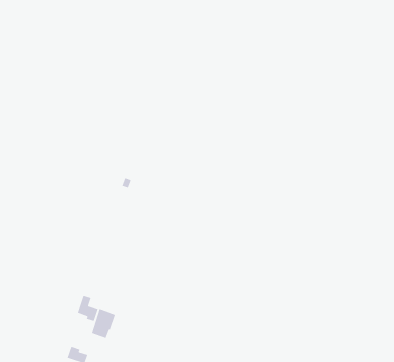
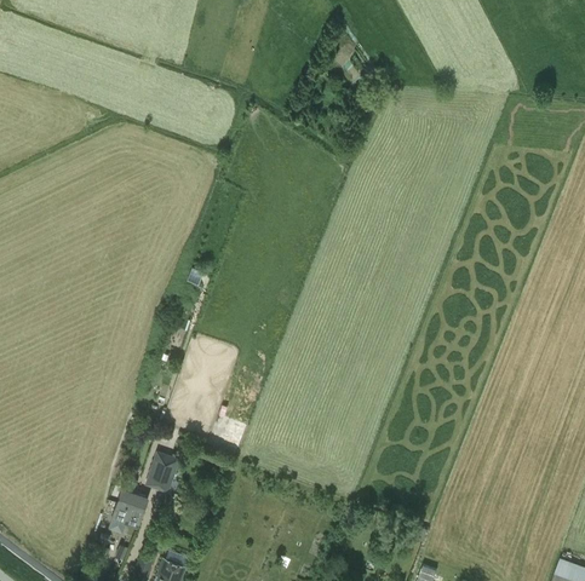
building: [77,295,99,322] -> [116,479,147,517]

